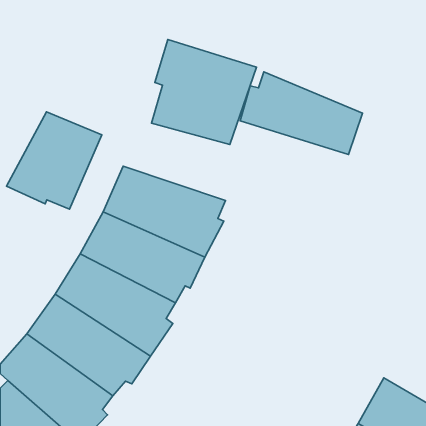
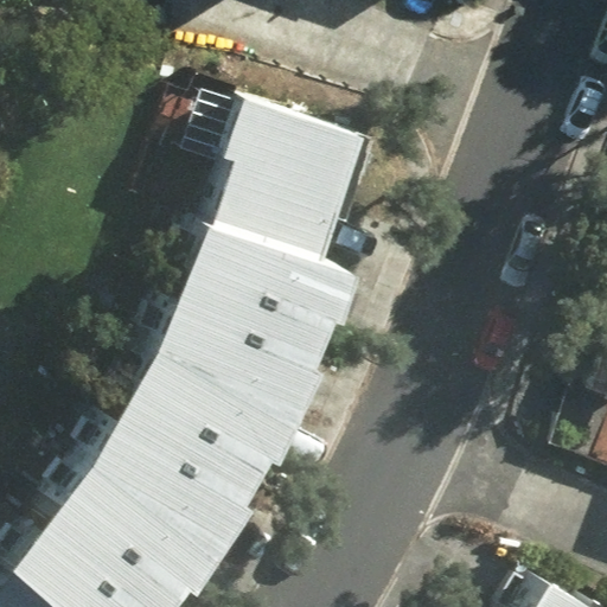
building: [240,72,362,154] -> none
building: [6,112,102,209] -> none
building: none -> [189,185,363,295]

